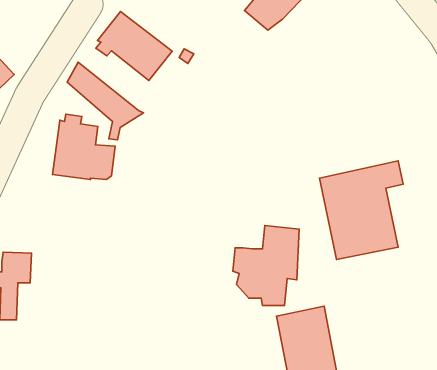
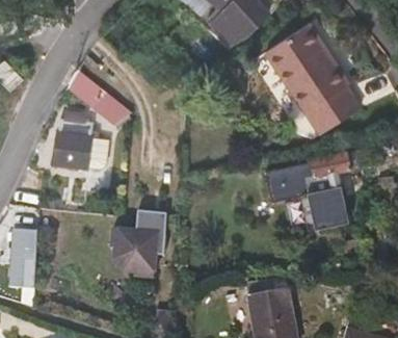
building: none -> [264,22,360,133]
building: [96,11,172,80] -> none
building: [233,226,299,306] -> [109,209,165,277]

